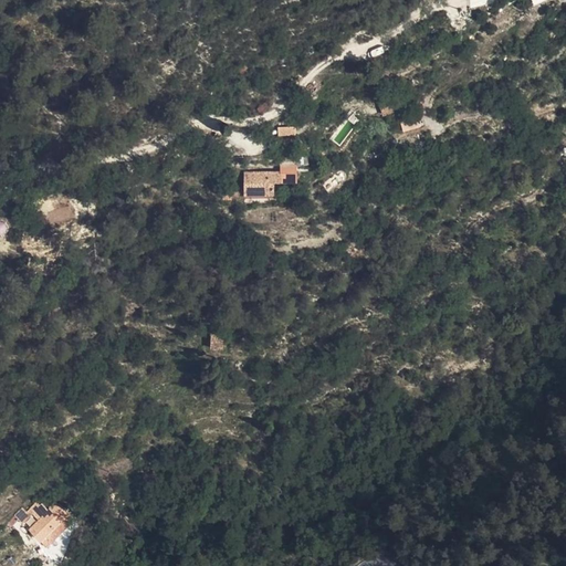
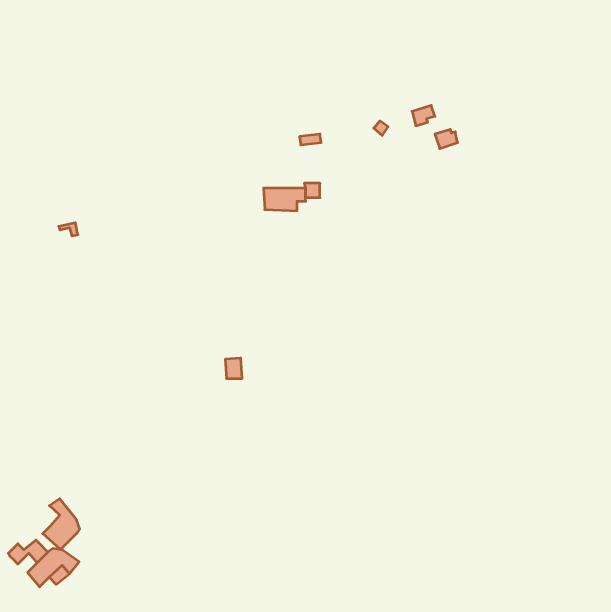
building: none -> [43,499,80,550]

